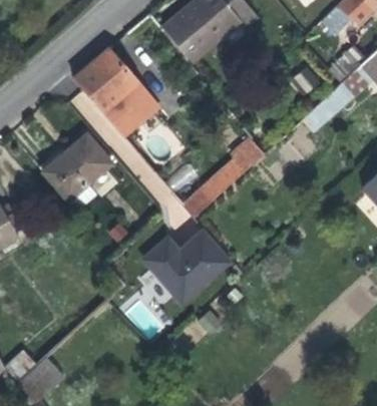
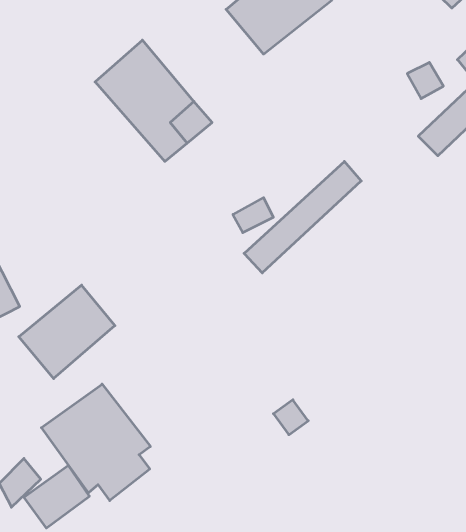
building: [41,134,110,201] -> [19,285,115,379]
building: [144,231,232,303] -> none
building: none -> [41,384,150,501]

